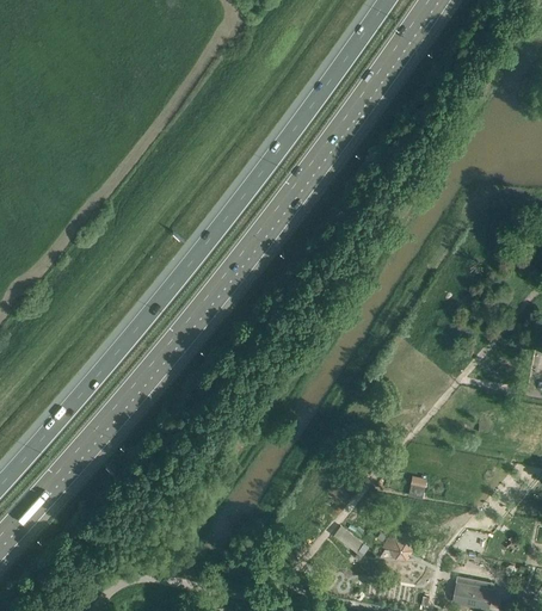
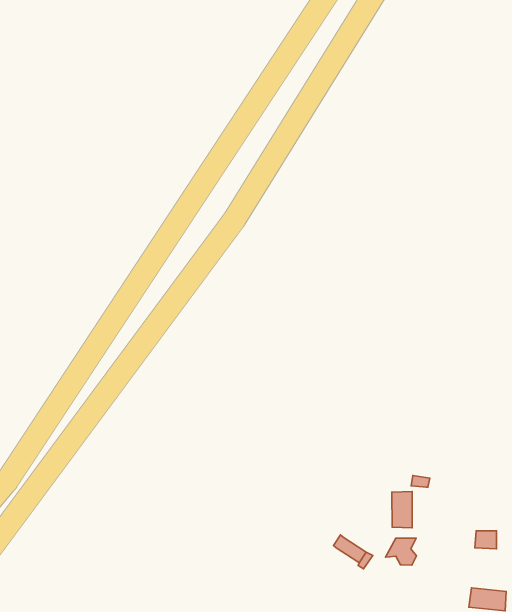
building: none -> [392,492,412,528]

